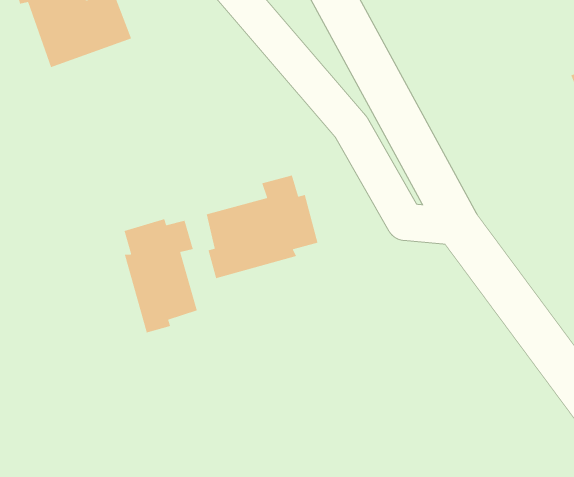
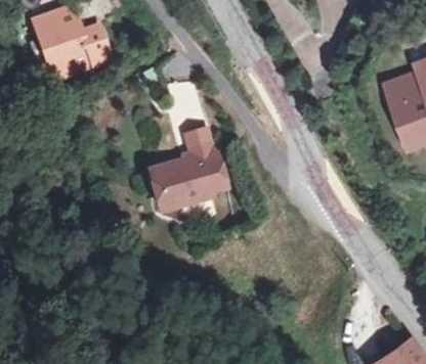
building: [123,218,198,333] -> none

